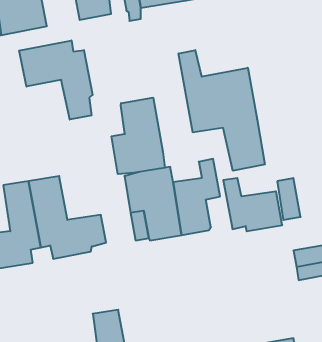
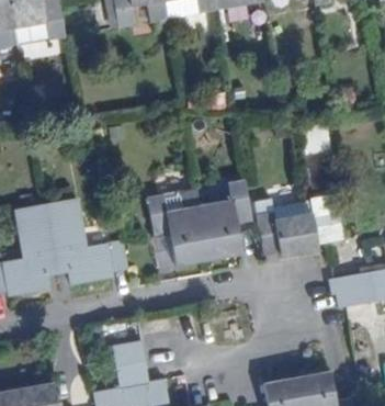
building: [19,40,93,120] -> none
building: [179,50,265,171] -> none
building: [112,98,165,174] -> none

